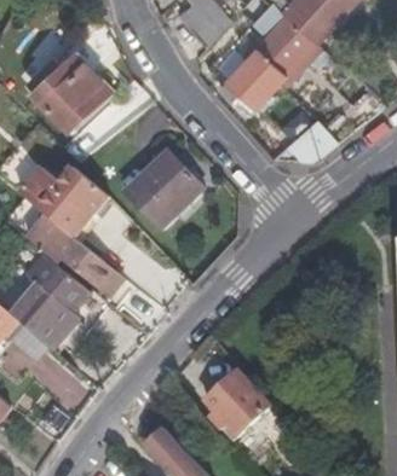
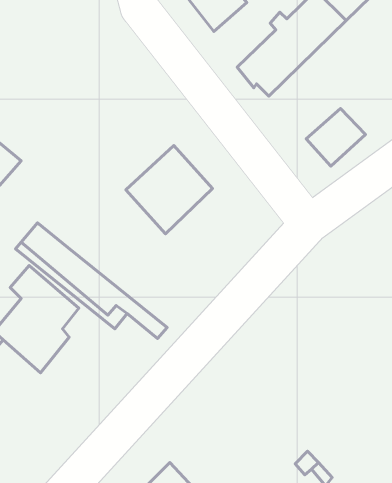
building: [33,52,109,128] -> none
building: [36,168,107,239] -> none
building: [203,371,269,440] -> none

